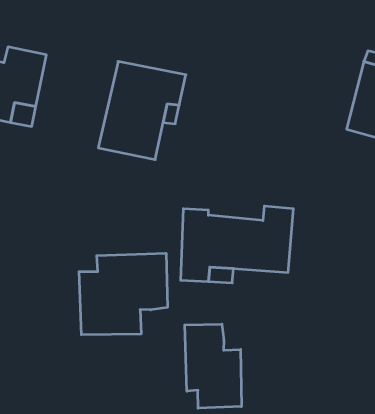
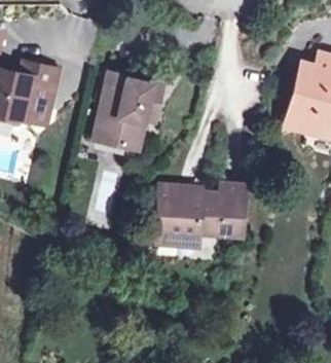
building: [79,253,167,335] -> none
building: [185,324,241,408] -> none

